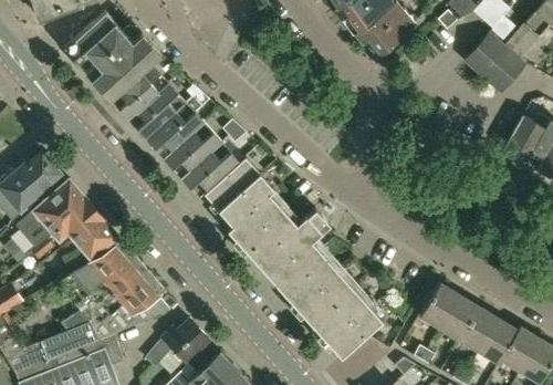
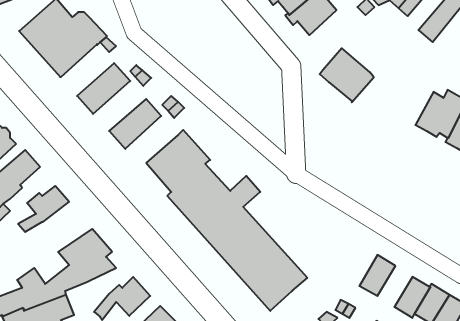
building: [465,33,524,93] -> [320,48,374,102]
building: [109,62,168,119] -> none
building: [145,103,204,158] -> none
building: [180,142,239,198] -> none
building: [53,198,103,241] -> none
building: [66,241,144,295] -> none
building: [419,284,459,330] -> none
building: [459,308,498,353] -> none

